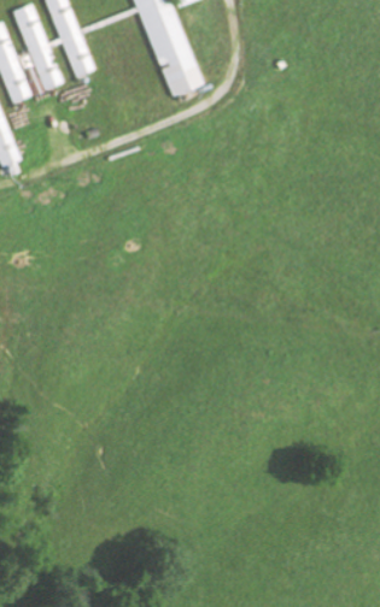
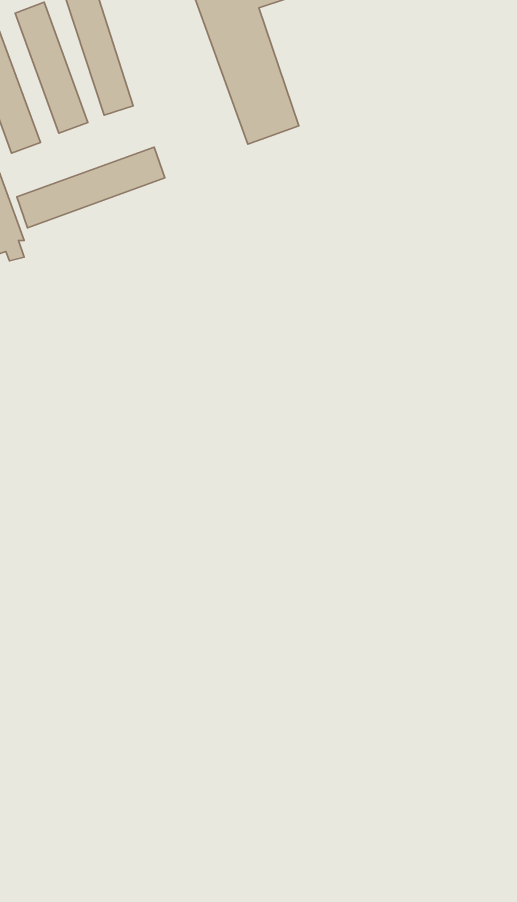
building: none -> [17,147,165,228]

